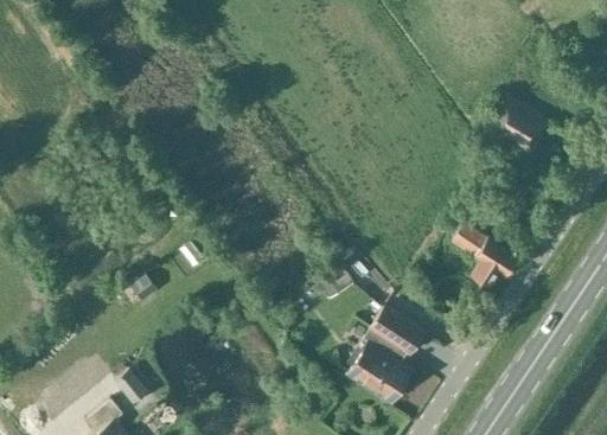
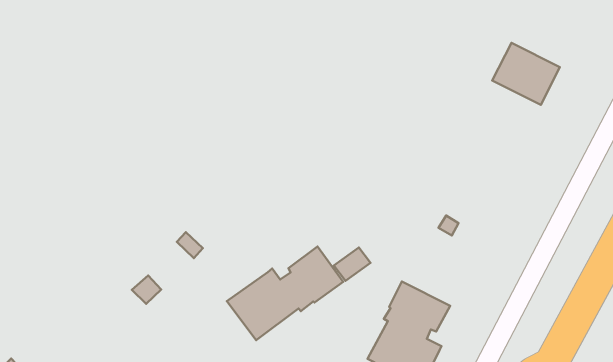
building: [453,223,520,286] -> none
building: none -> [227,247,343,340]

